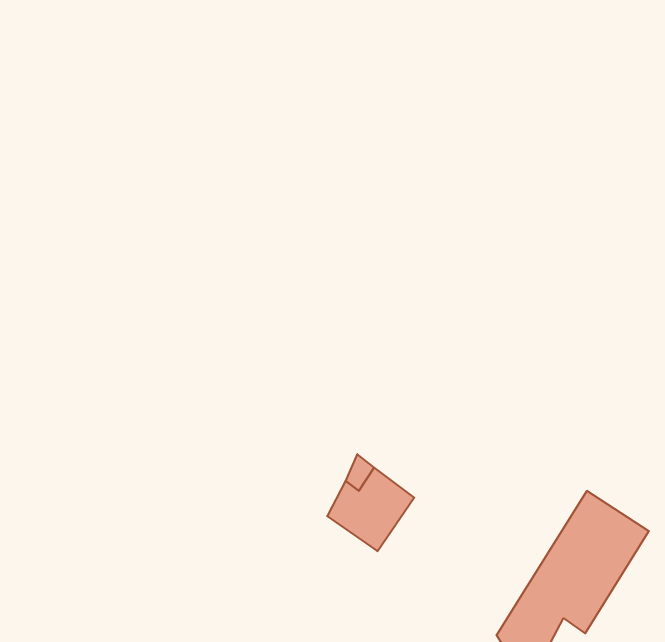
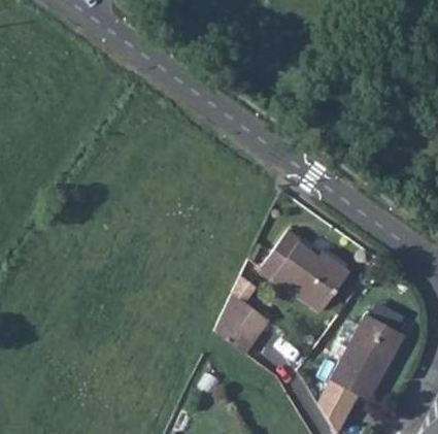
building: none -> [259,228,350,312]

